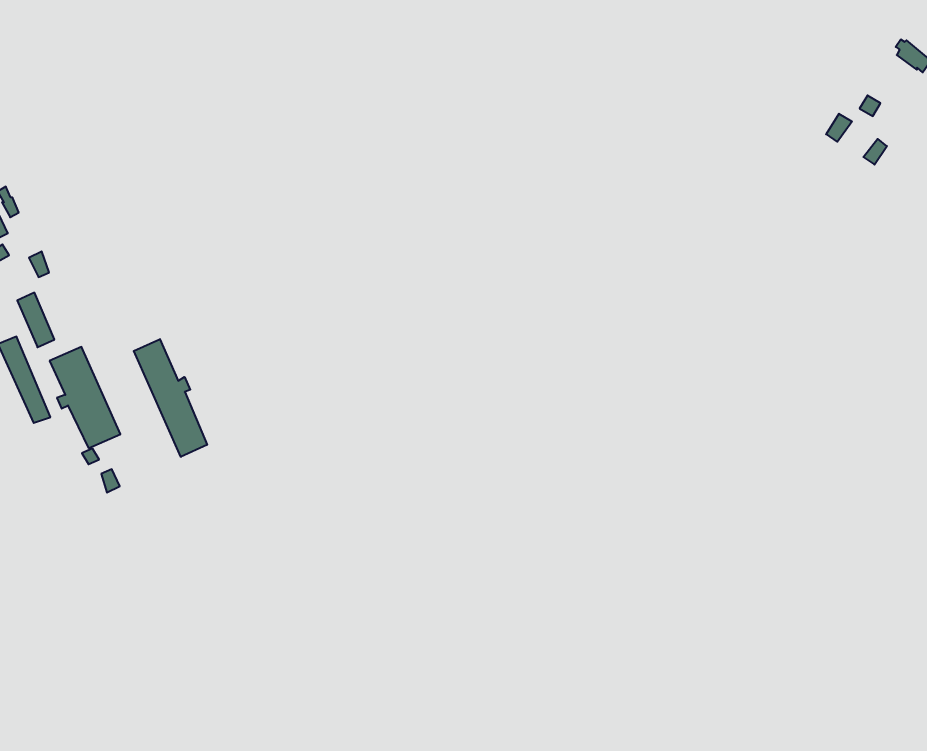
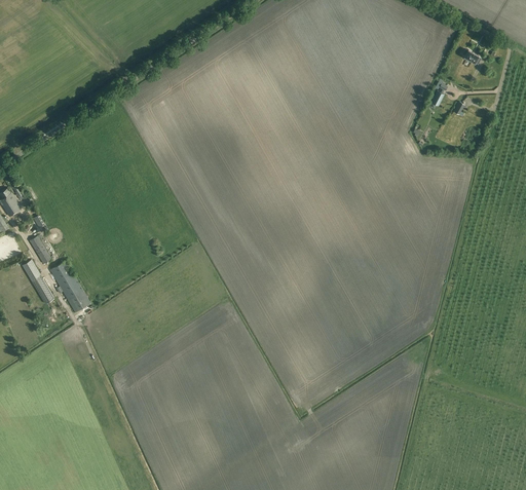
building: [134,339,207,457] -> none

